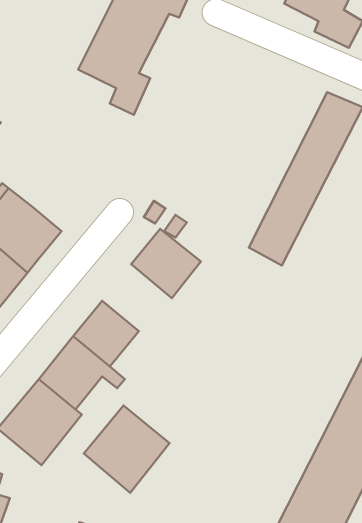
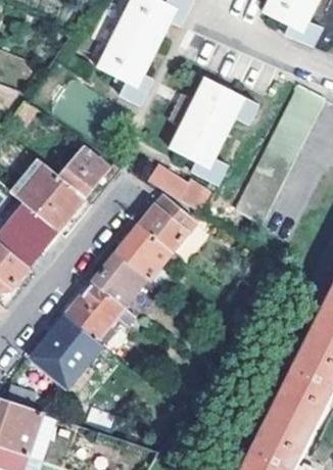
building: none -> [169,77,258,183]
building: none -> [58,146,107,196]
building: none -> [115,223,172,279]
building: [84,406,170,493] -> none

